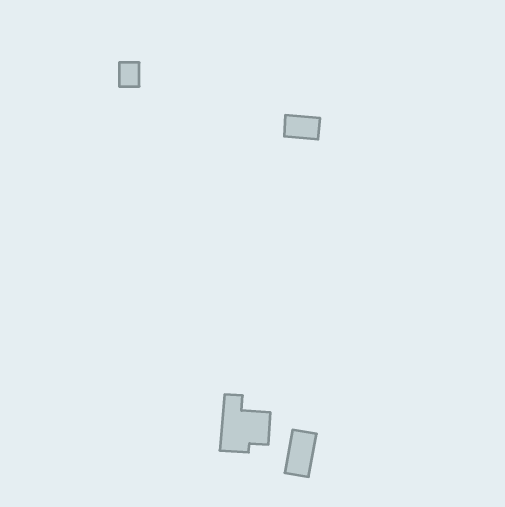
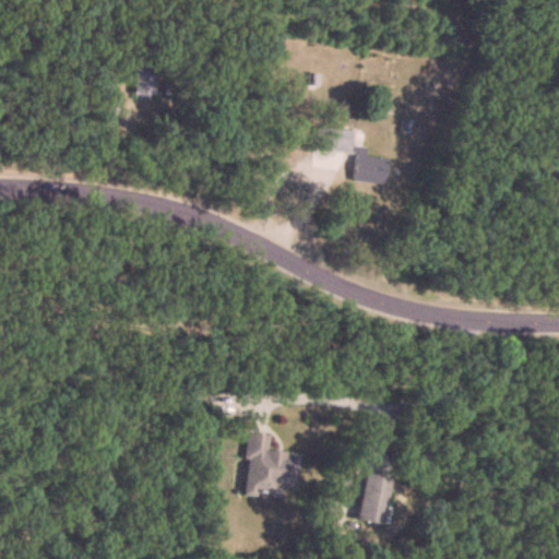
building: none -> [355,156,388,183]
building: [285,430,317,477] -> [358,474,393,525]

